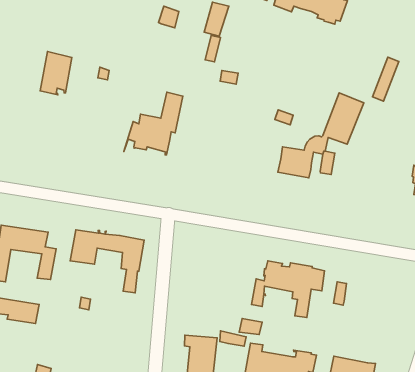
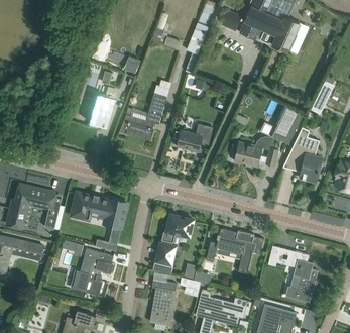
building: [40,52,72,95] -> [90,94,116,127]
building: none -> [283,127,322,183]
building: none -> [174,124,213,152]
building: none -> [156,215,194,264]
building: none -> [286,251,318,302]
building: none -> [78,249,115,293]

